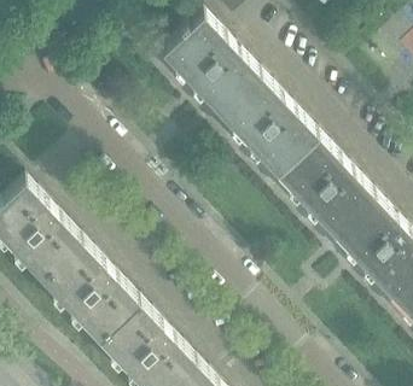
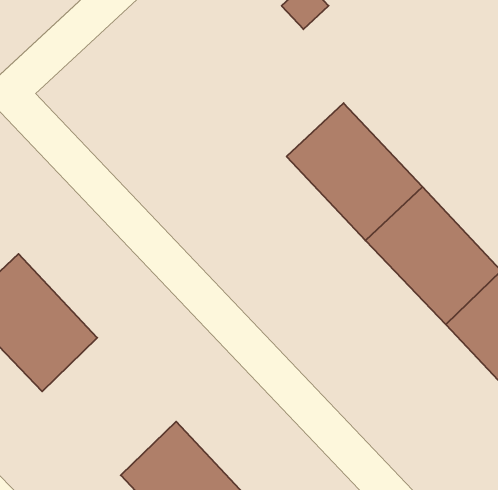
building: [163,17,261,116] -> none
building: [43,246,140,345] -> none

